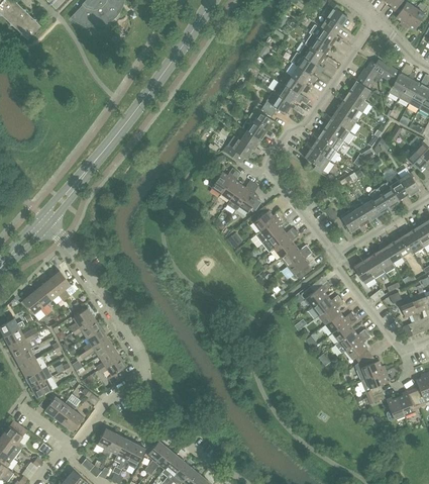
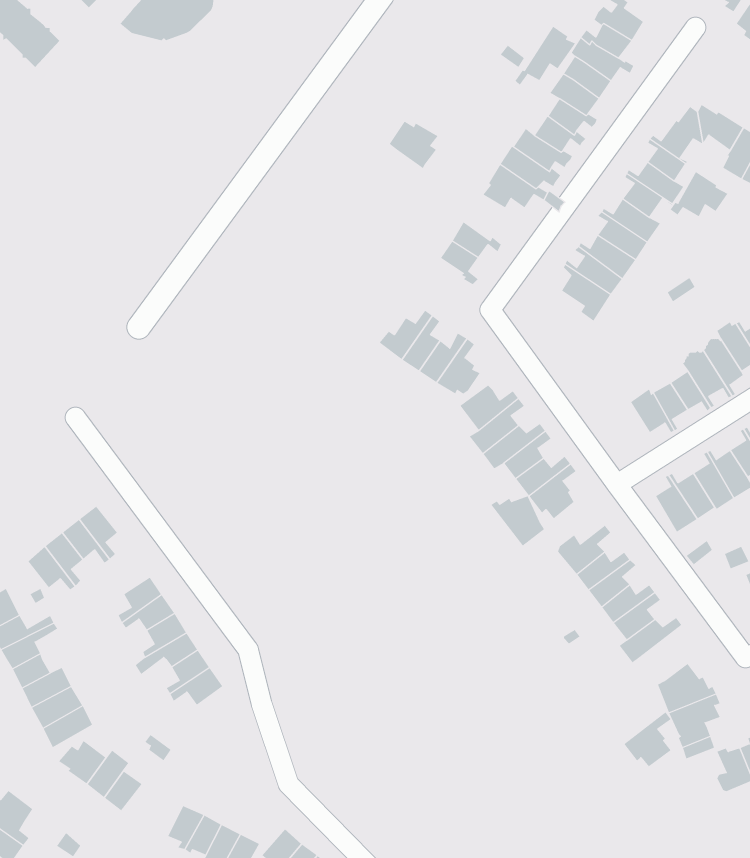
building: none -> [515,26,576,85]
building: none -> [670,171,728,217]
building: [248,106,275,131] -> [389,121,439,169]
building: [223,136,252,163] -> none
building: none -> [490,495,545,546]
building: [345,333,370,363] -> [623,712,671,767]

